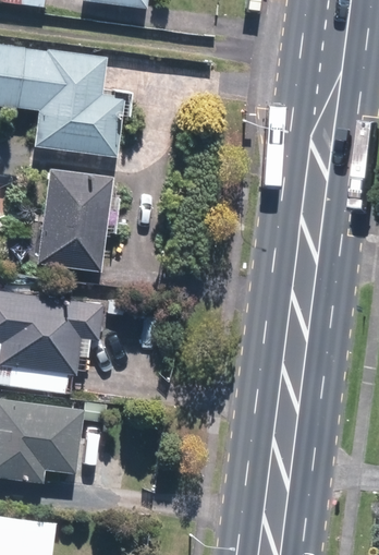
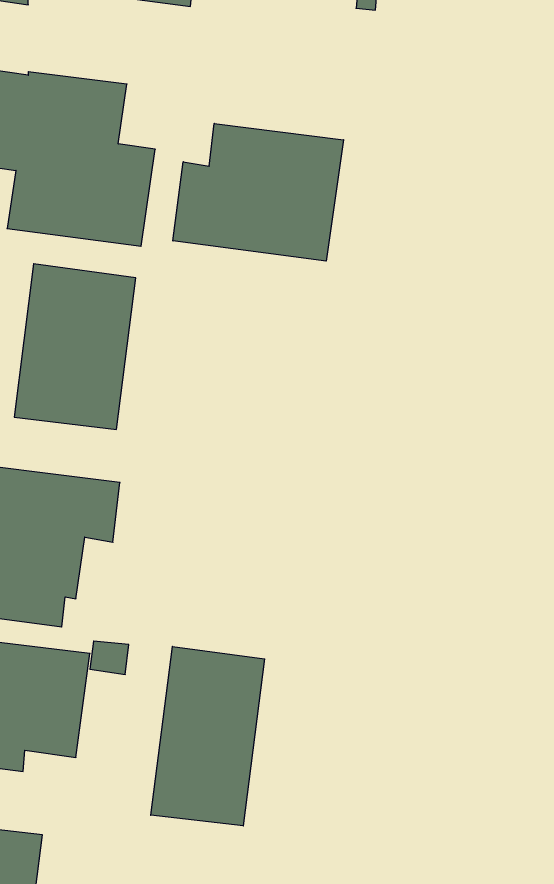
building: none -> [173,123,344,261]
building: none -> [151,646,265,826]

